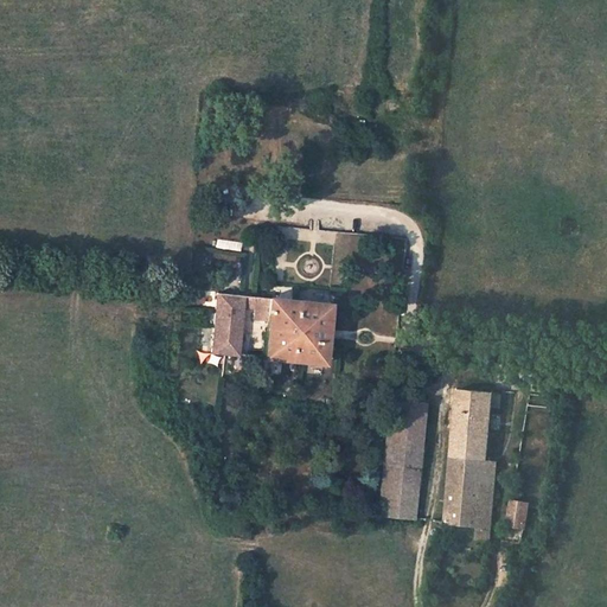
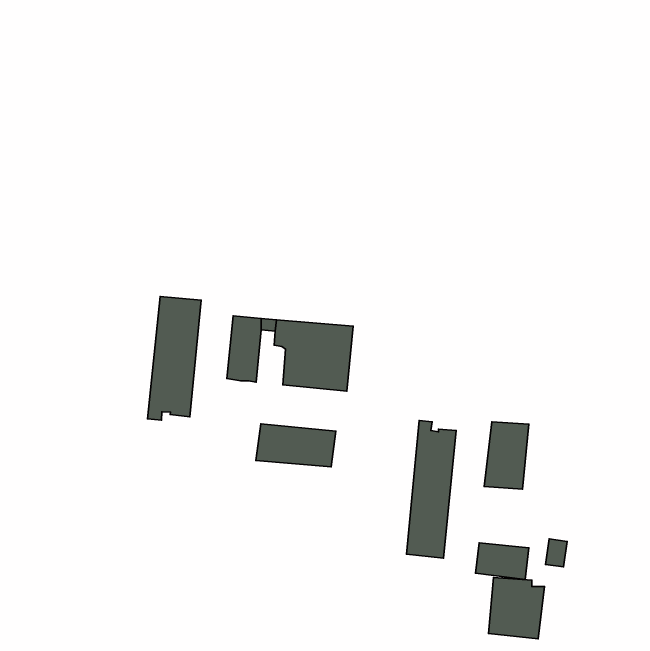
building: none -> [147,296,201,420]
building: none -> [256,424,336,467]
building: [447,453,499,510] -> [488,578,544,639]

